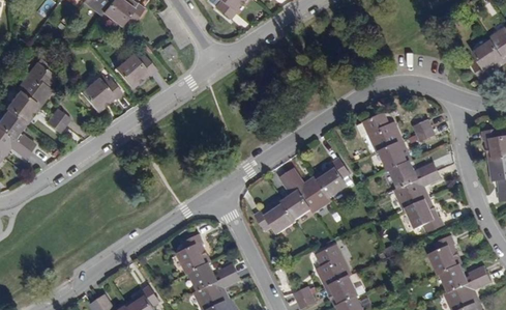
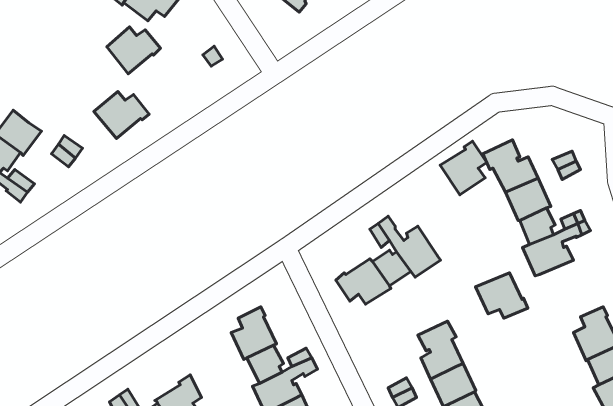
building: [114,54,153,88] -> [107,27,161,74]
building: [20,63,54,107] -> none
building: [316,159,350,198] -> [440,141,487,195]
building: [405,201,443,234] -> [476,273,528,318]

